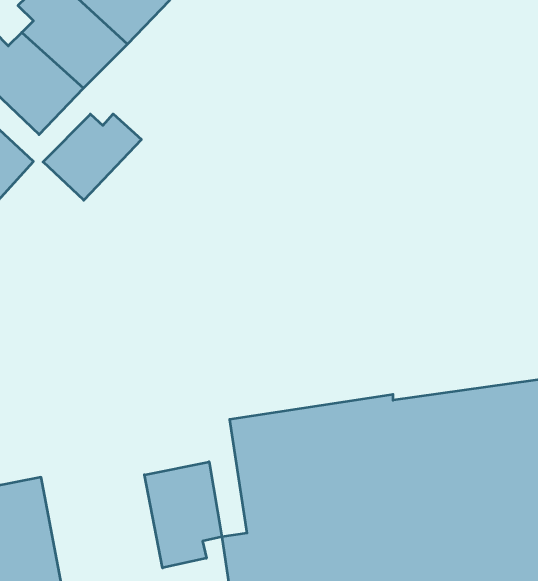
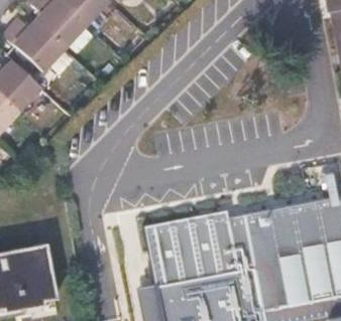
building: [43,114,141,200] -> none
building: [144,462,222,568] -> none

